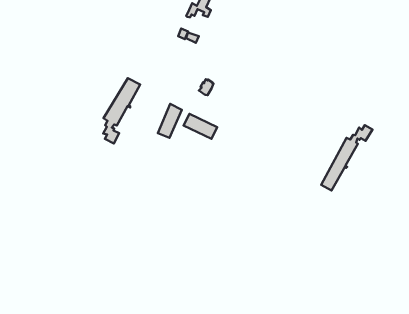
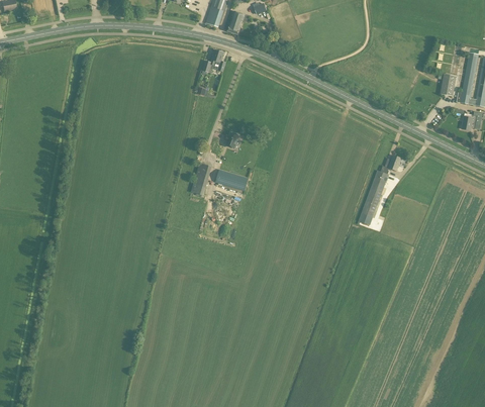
building: [103,78,140,144] -> none

